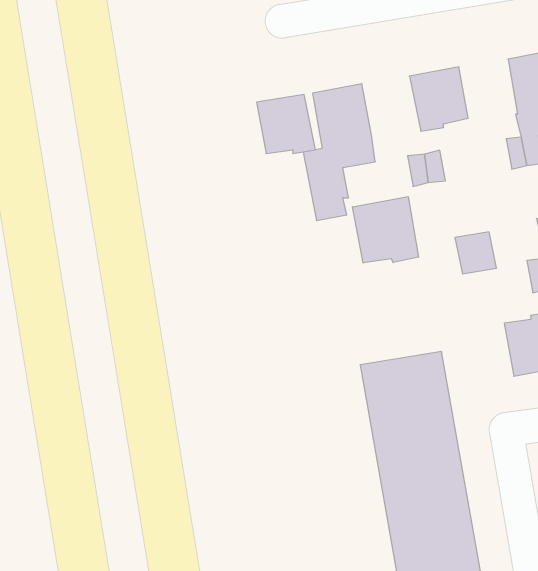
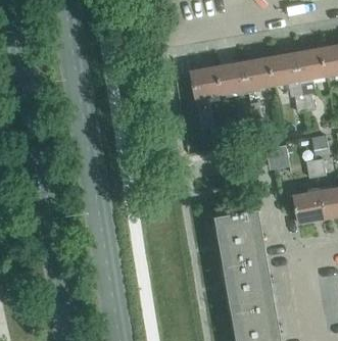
building: none -> [269,53,300,85]
building: [257,95,315,154] -> [216,62,248,94]
building: [353,197,418,263] -> none

